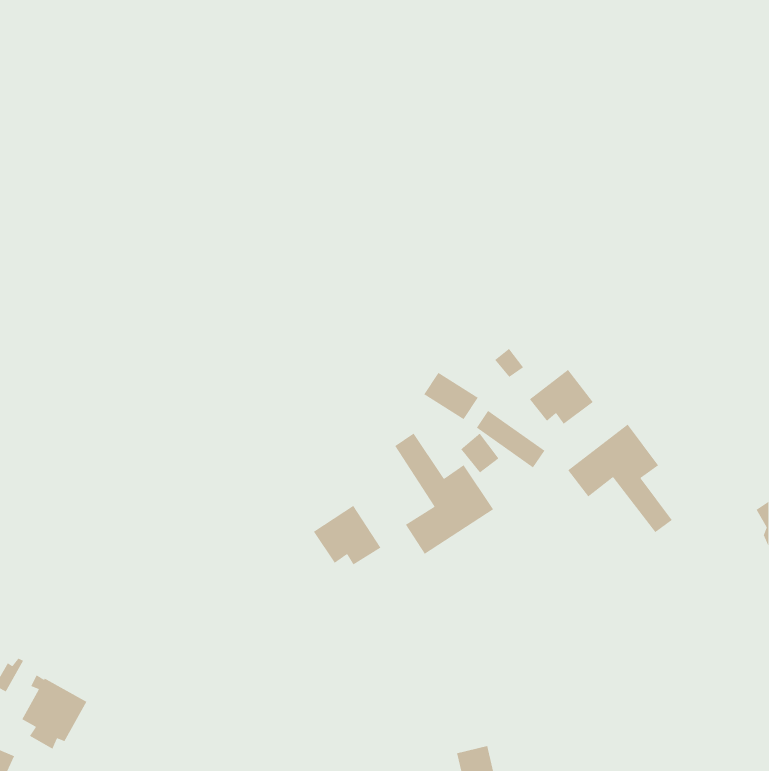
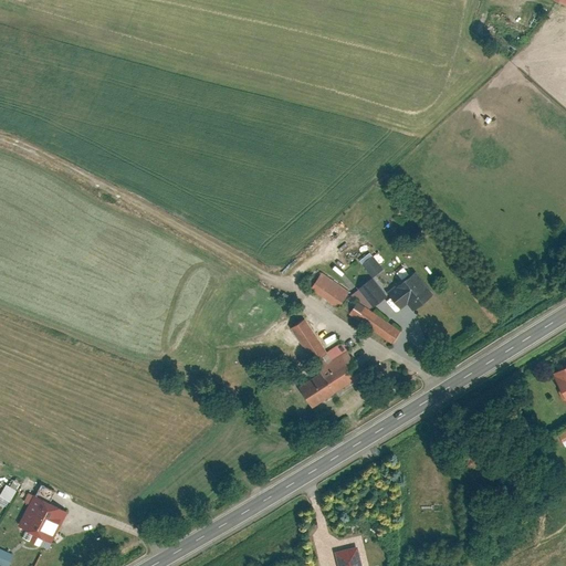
building: [567,424,673,533] -> none
building: [460,433,499,473] -> [358,277,387,307]
building: [313,505,382,566] -> none

